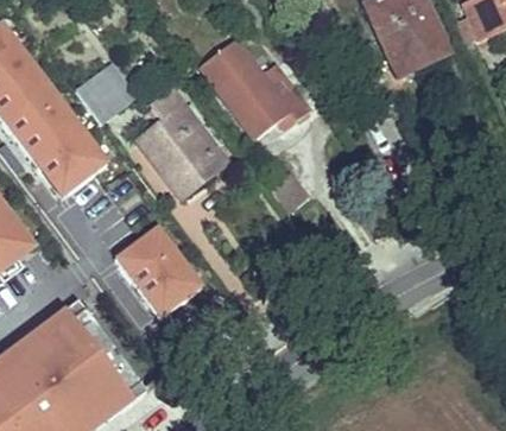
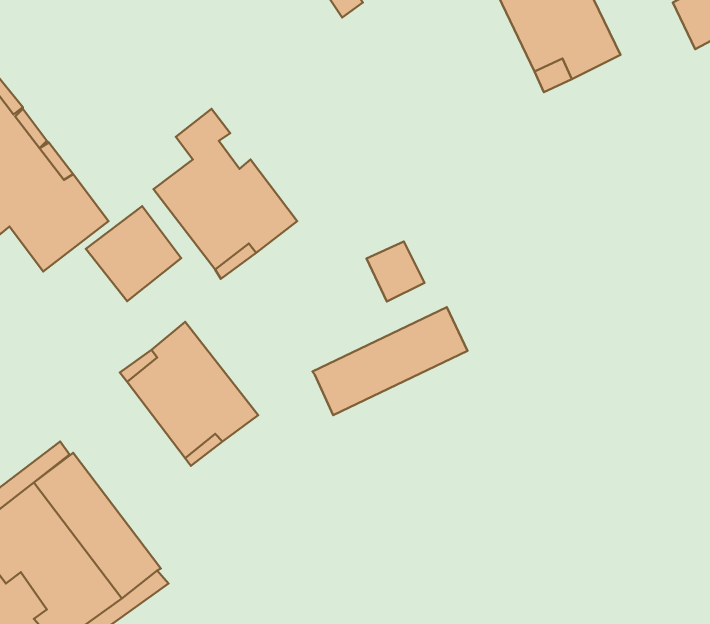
building: [201,39,308,138] -> none
building: [76,63,137,123] -> [86,206,181,301]
building: none -> [312,307,467,415]

